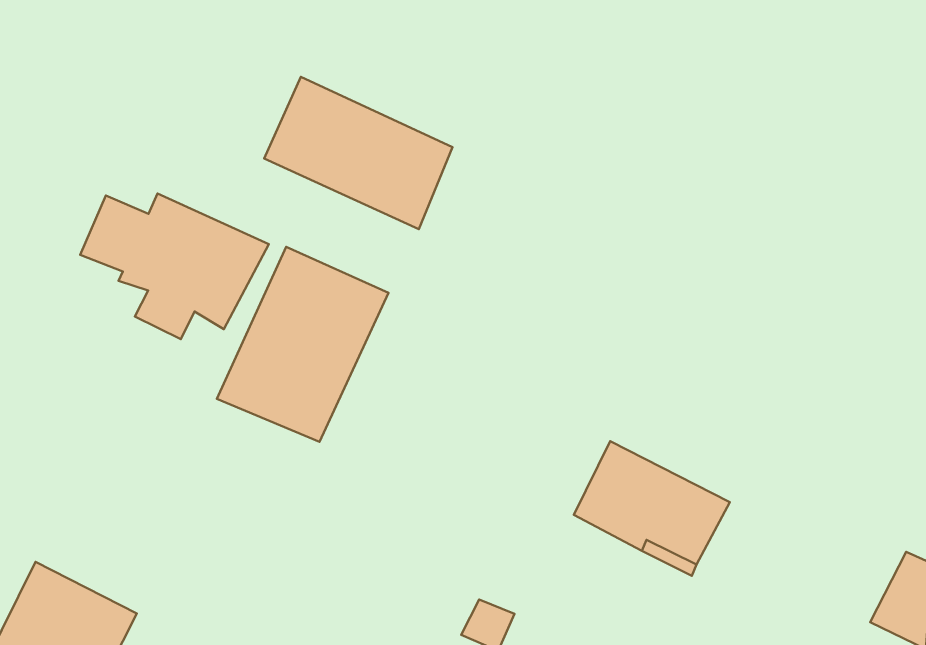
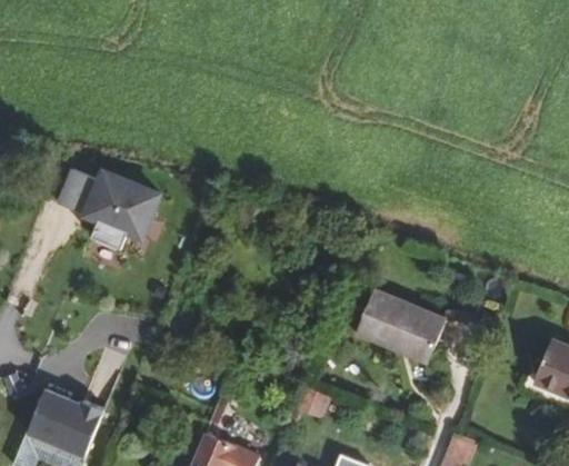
building: [264,77,453,229] -> none
building: [217,247,388,442] -> none

